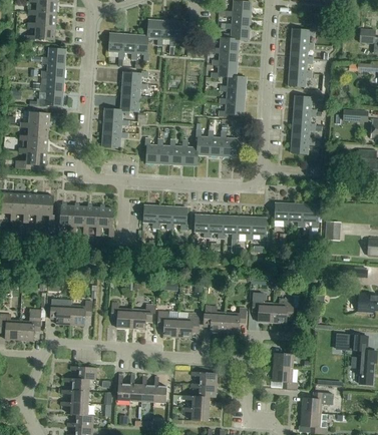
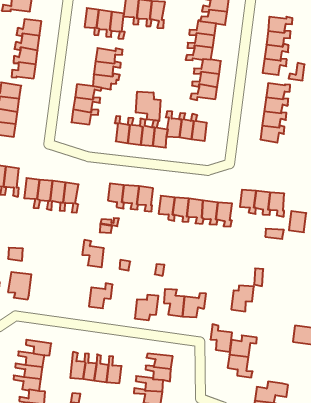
building: none -> [136,92,161,121]
building: [252,296,273,322] -> [210,324,232,352]
building: [69,297,91,325] -> none
building: [110,302,131,328] -> [82,240,104,267]
building: [157,311,177,337] -> none

